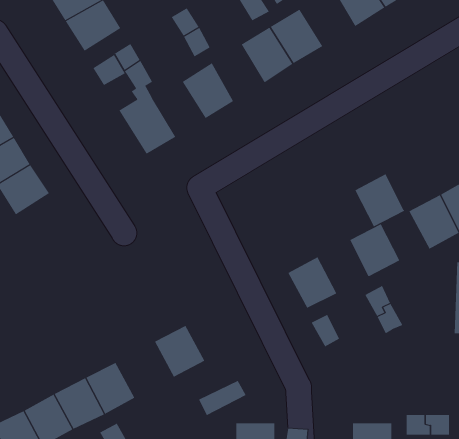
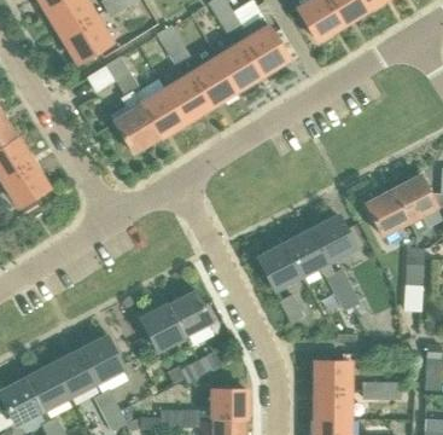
building: none -> [192,57,238,106]
building: none -> [140,89,186,138]
building: [354,174,405,227] -> [285,228,330,276]
building: none -> [169,290,212,335]
building: none -> [315,360,350,389]

